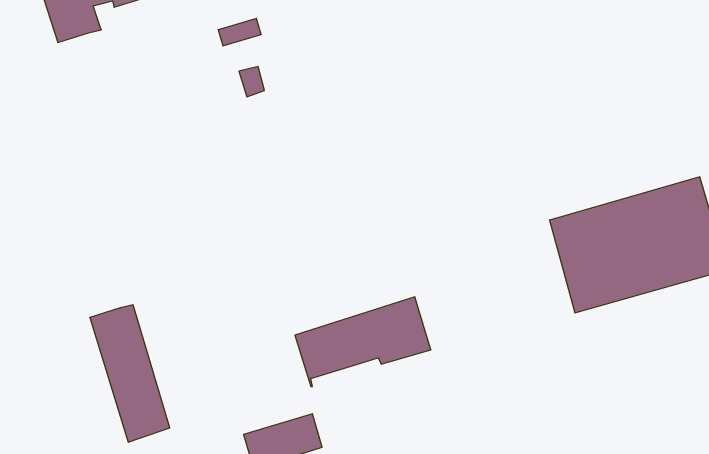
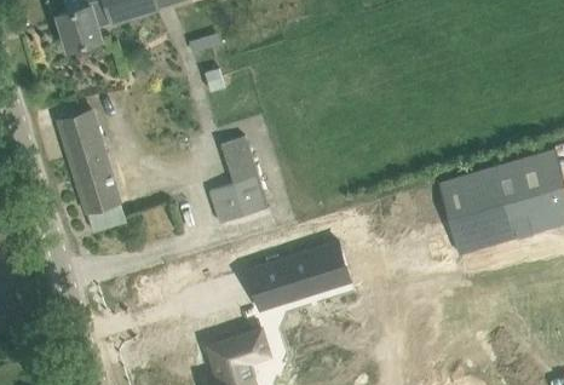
building: none -> [209,137,266,223]
building: [90,305,170,442] -> [58,111,119,216]

